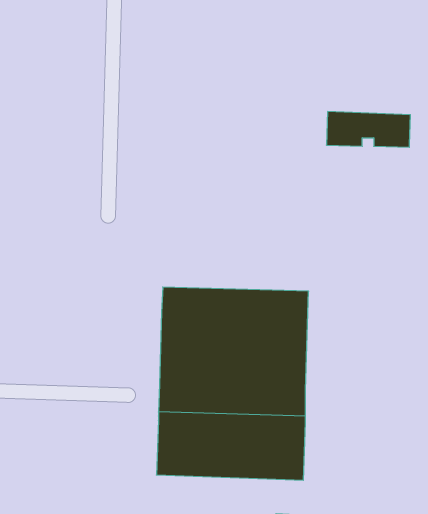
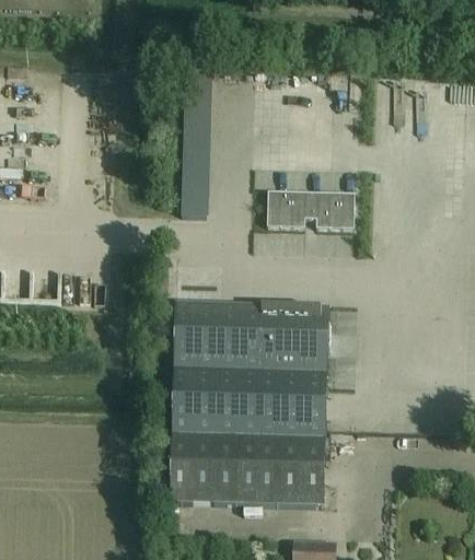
building: none -> [179,69,211,215]
building: [326,112,410,147] -> [266,190,354,228]

